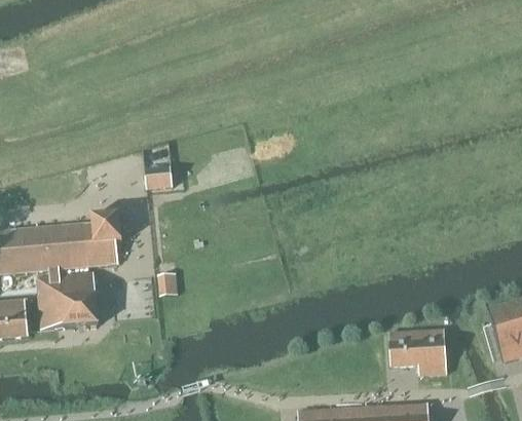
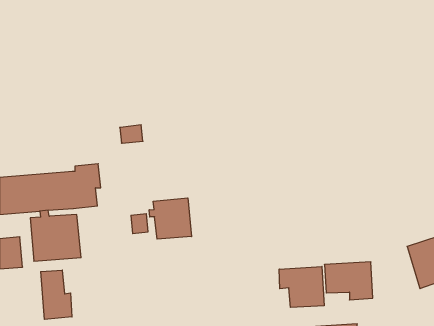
building: none -> [149,198,192,239]
building: none -> [279,266,324,307]
building: none -> [41,270,72,319]

